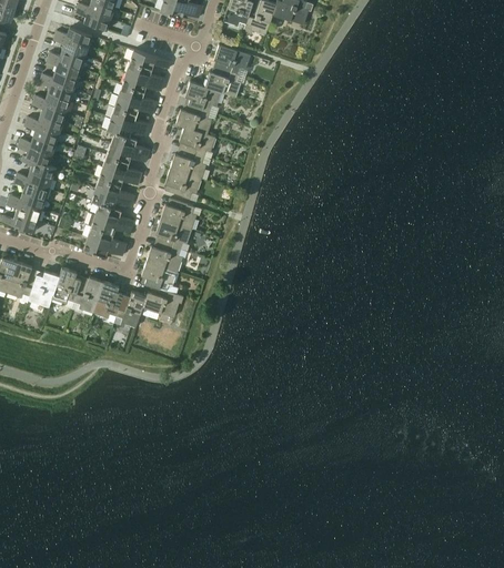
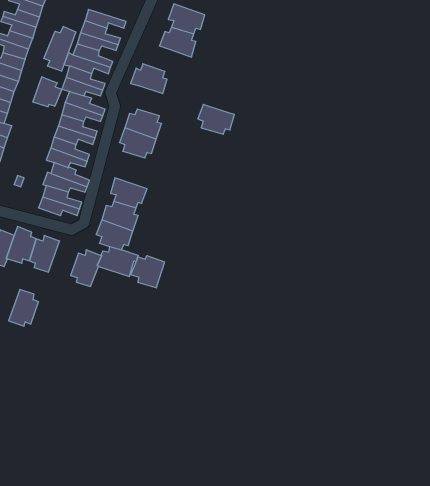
building: none -> [44,26,76,71]
building: [184,80,221,111] -> none
building: none -> [33,77,62,107]
building: [179,125,215,155] -> [198,104,234,134]
building: [160,199,196,229] -> none
building: [93,281,123,317] -> [9,290,39,326]
building: none -> [131,256,165,288]

